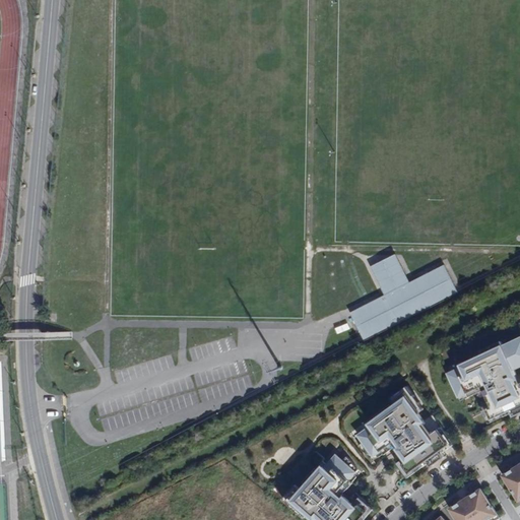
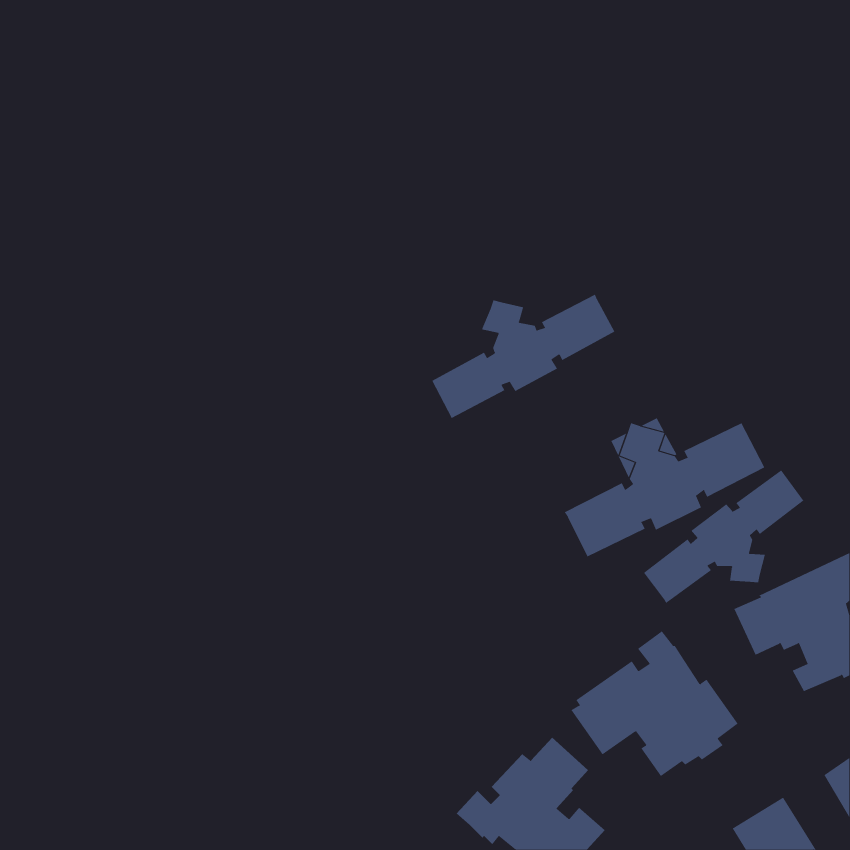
building: none -> [432,294,615,419]
building: none -> [643,469,804,604]

